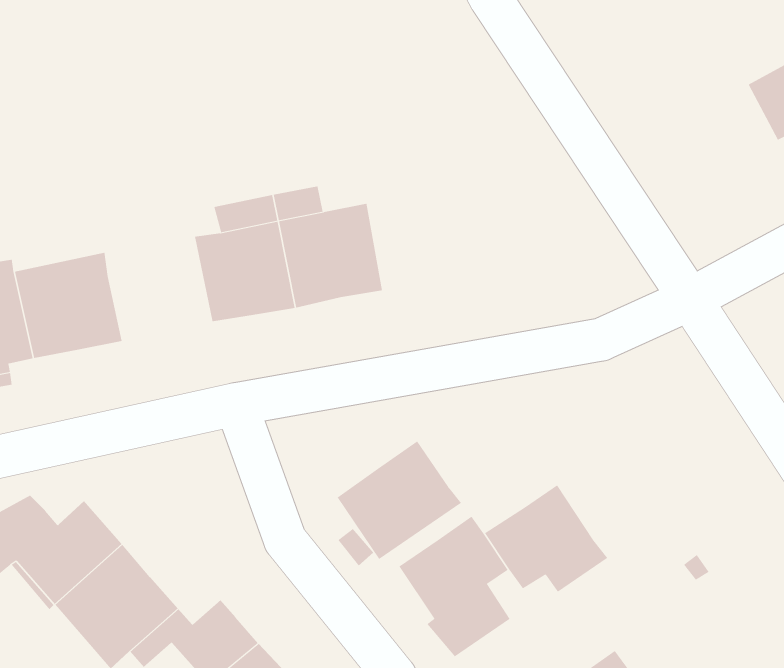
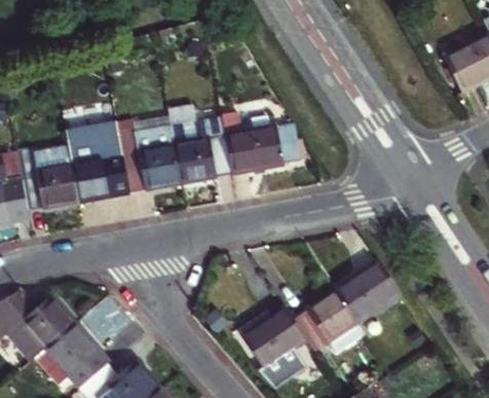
building: none -> [65,119,131,204]
building: none -> [223,119,298,174]
building: none -> [335,259,400,321]
building: [337,440,462,560] -> none

